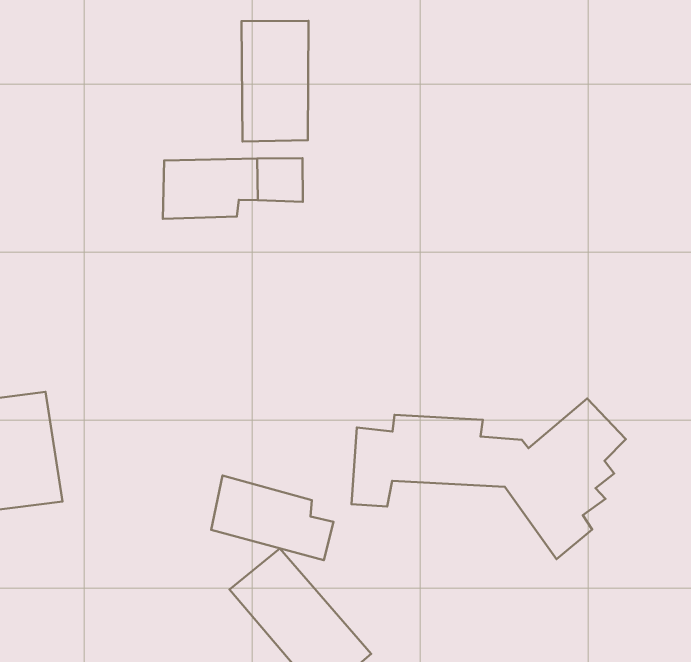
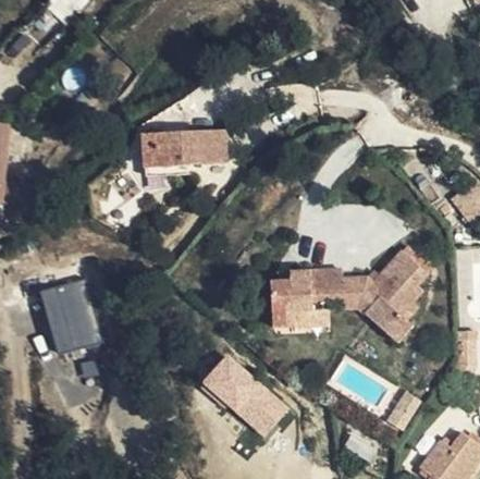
building: [242,21,308,142] -> none
building: [211,476,334,560] -> none

